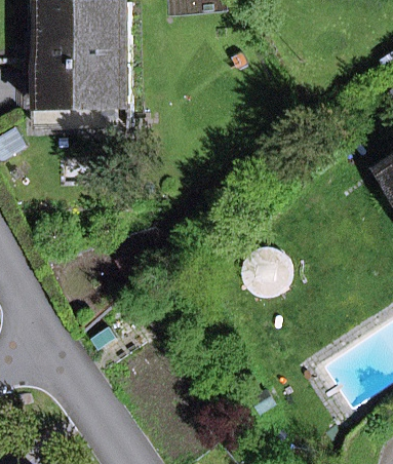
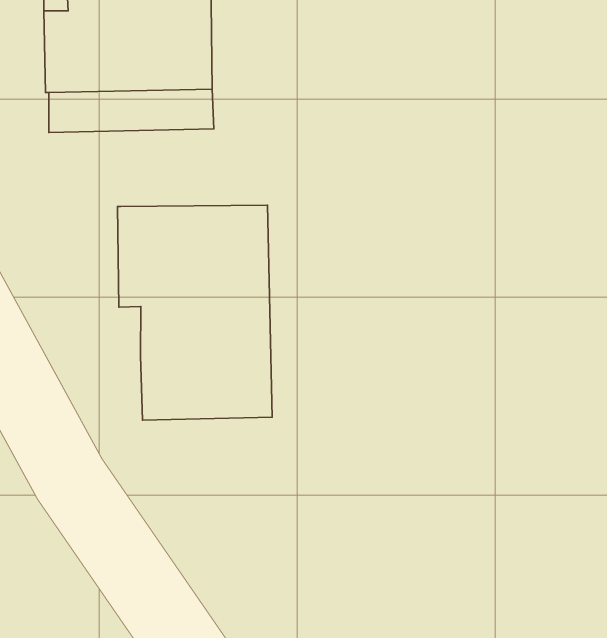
building: none -> [117,205,272,420]

